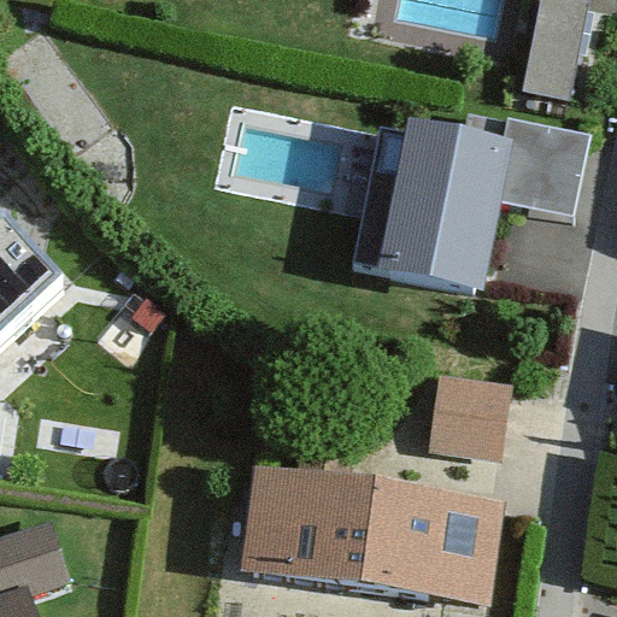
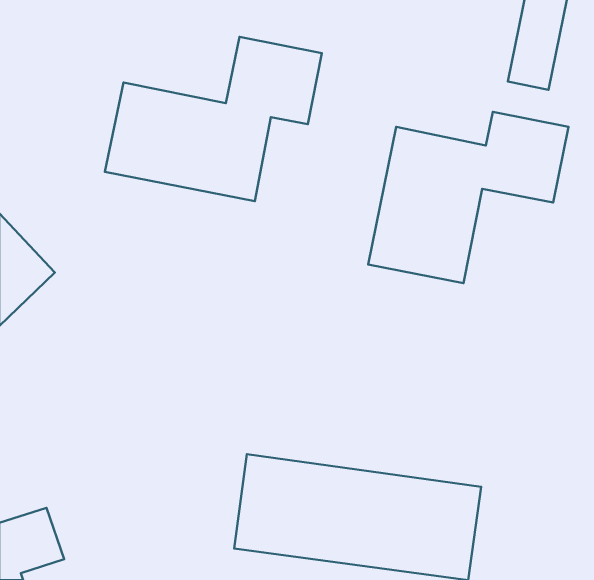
building: none -> [105,37,322,201]
building: [433,371,506,449] -> none

